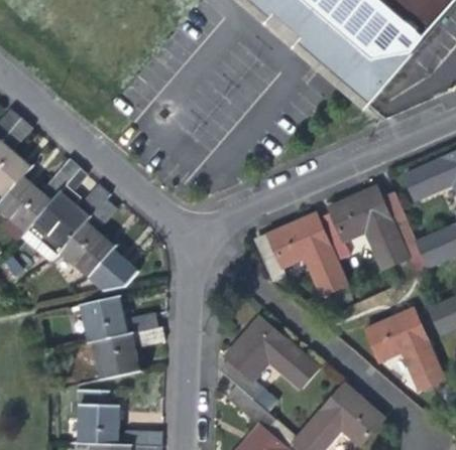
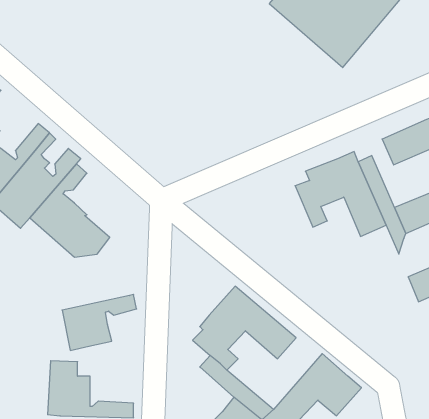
building: [255,212,347,295] -> none
building: [79,295,157,341] -> none
building: [365,307,444,390] -> none

